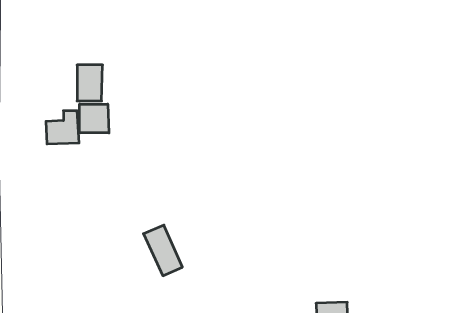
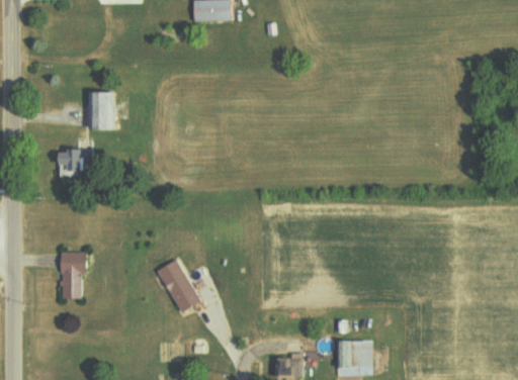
building: [80,104,109,133] -> none
building: none -> [59,253,86,299]

